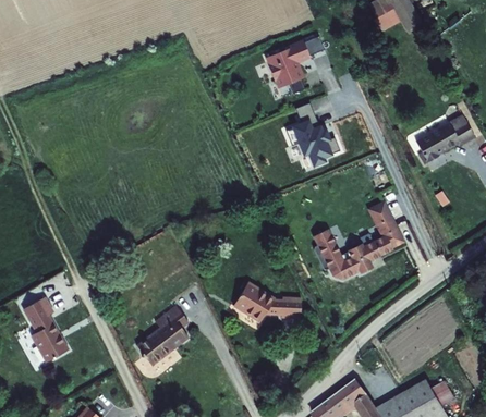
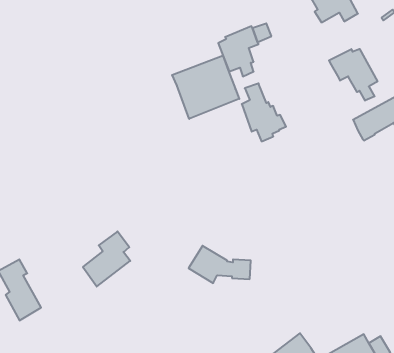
building: none -> [329,49,377,101]
building: none -> [172,56,239,119]
building: [313,199,404,279] -> none
building: [136,305,189,366] -> [83,231,130,287]

